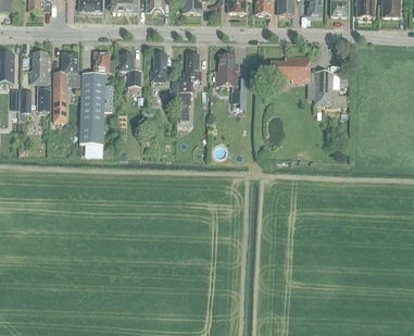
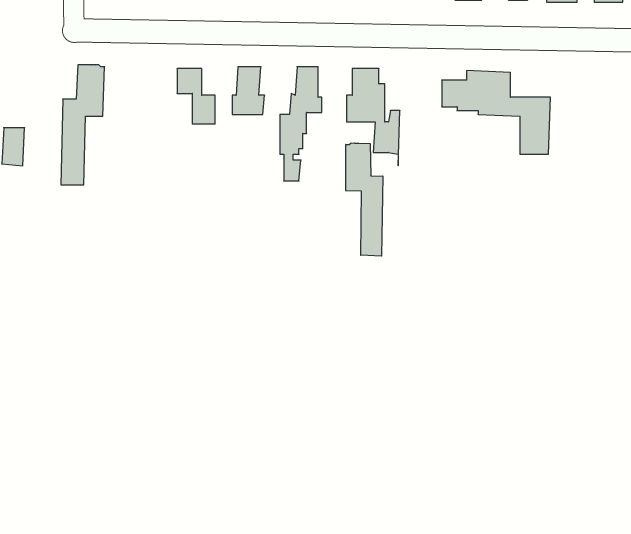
building: [32,51,51,110] -> none
building: [79,52,113,144] -> none
building: none -> [346,143,383,256]

